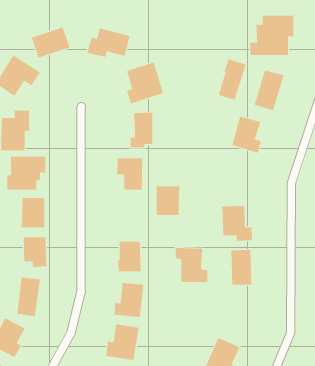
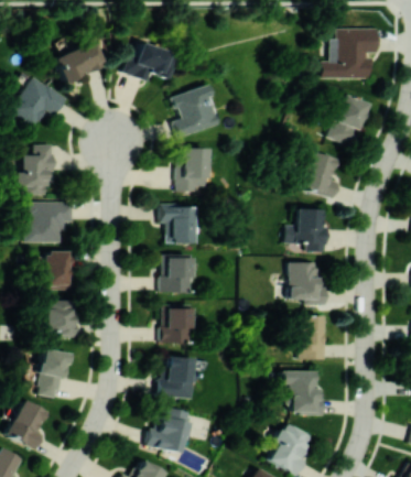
building: [218,59,247,100] -> none
building: none -> [285,209,326,252]
building: [156,186,180,215] -> [161,256,191,292]
building: [175,248,208,283] -> [283,371,324,414]

